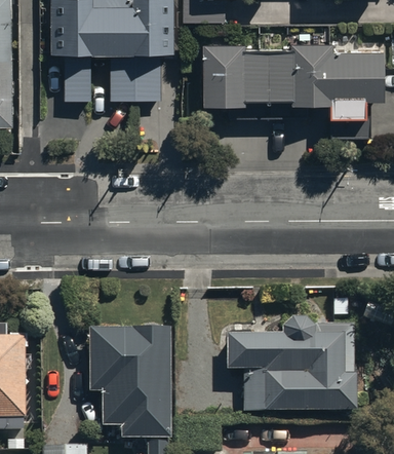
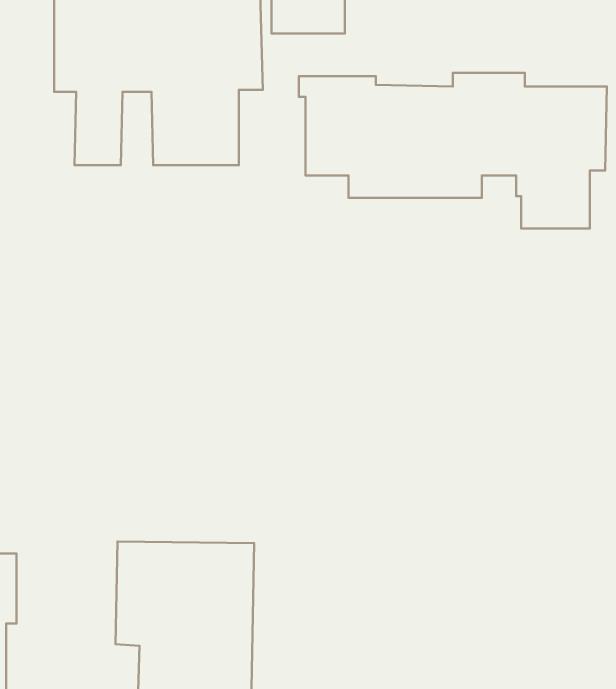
building: [227,313,355,410] -> none

